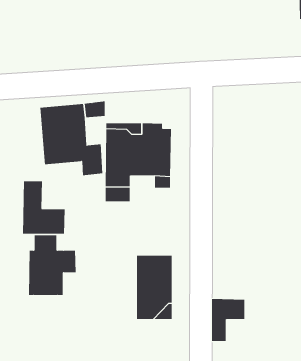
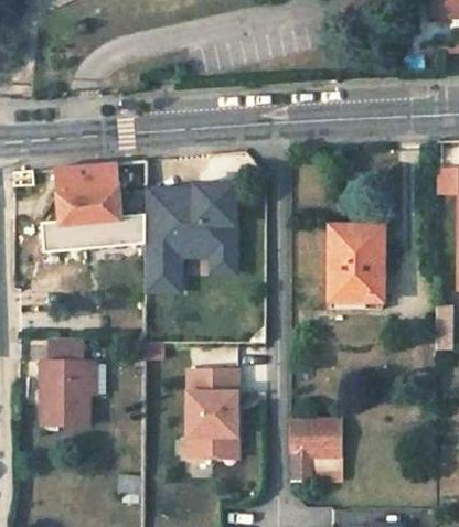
building: none -> [329,223,385,320]
building: [22,181,65,235] -> none

